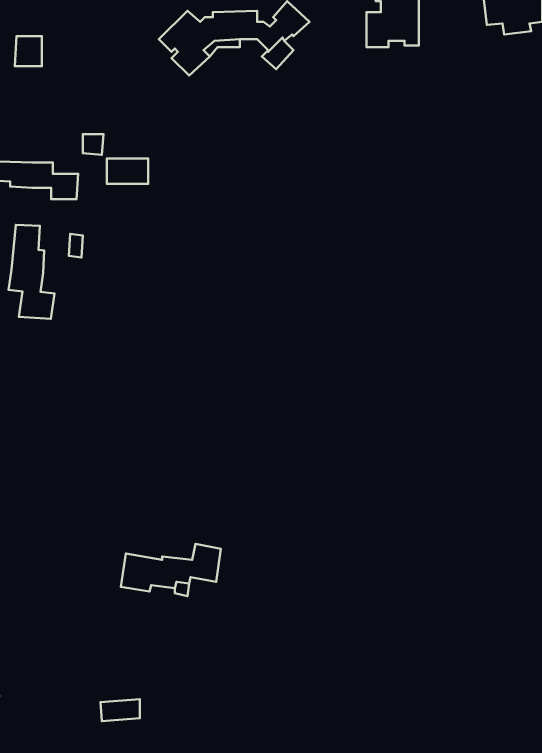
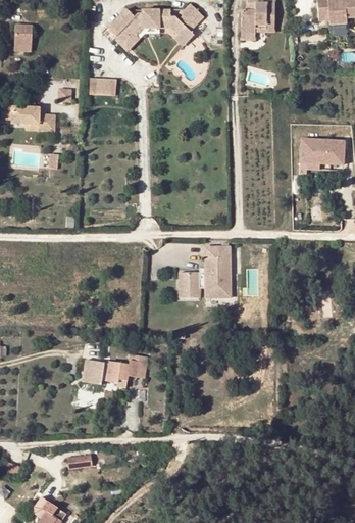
building: [107,159,148,184] -> [92,78,118,94]
building: none -> [300,138,344,163]
building: [8,225,54,319] -> none
building: none -> [179,246,231,297]

